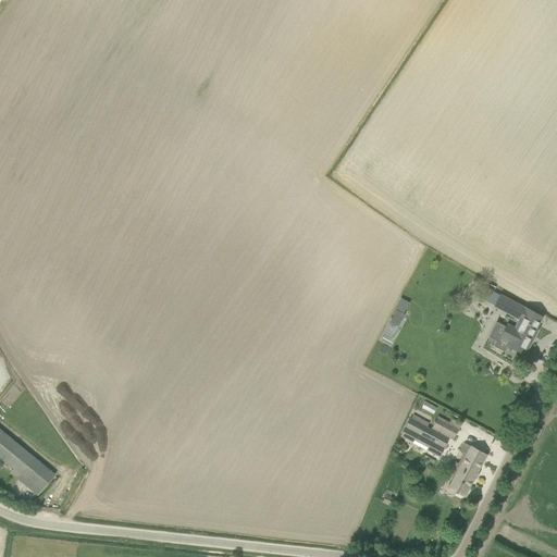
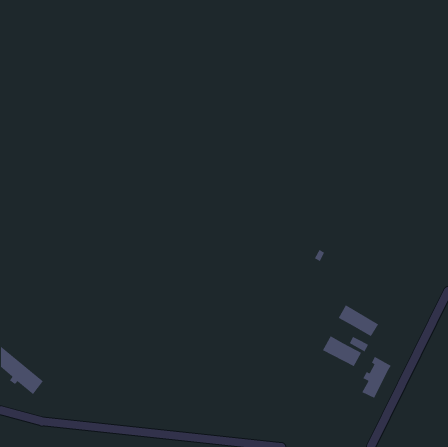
building: [494,294,542,354] -> none
building: none -> [338,304,379,337]

